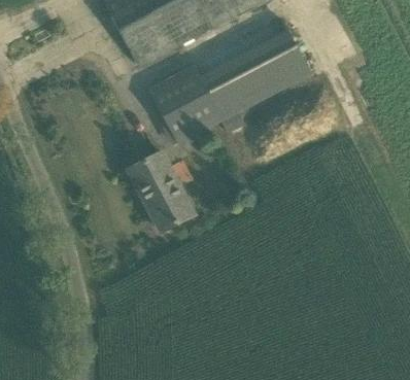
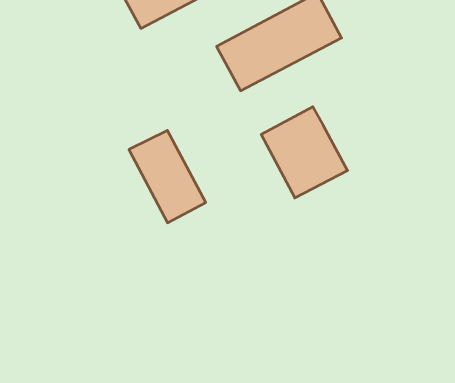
building: [150,63,225,141] -> [261,107,348,198]

